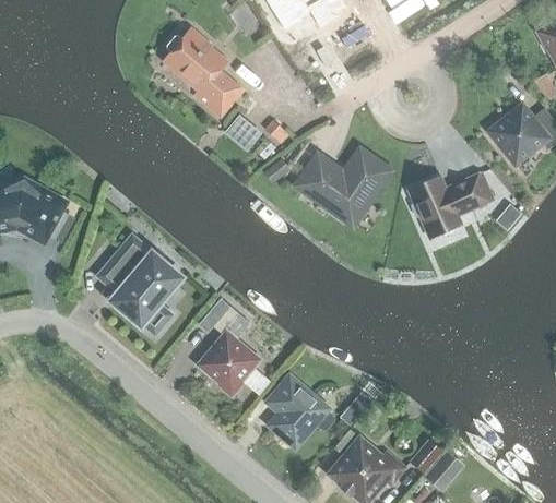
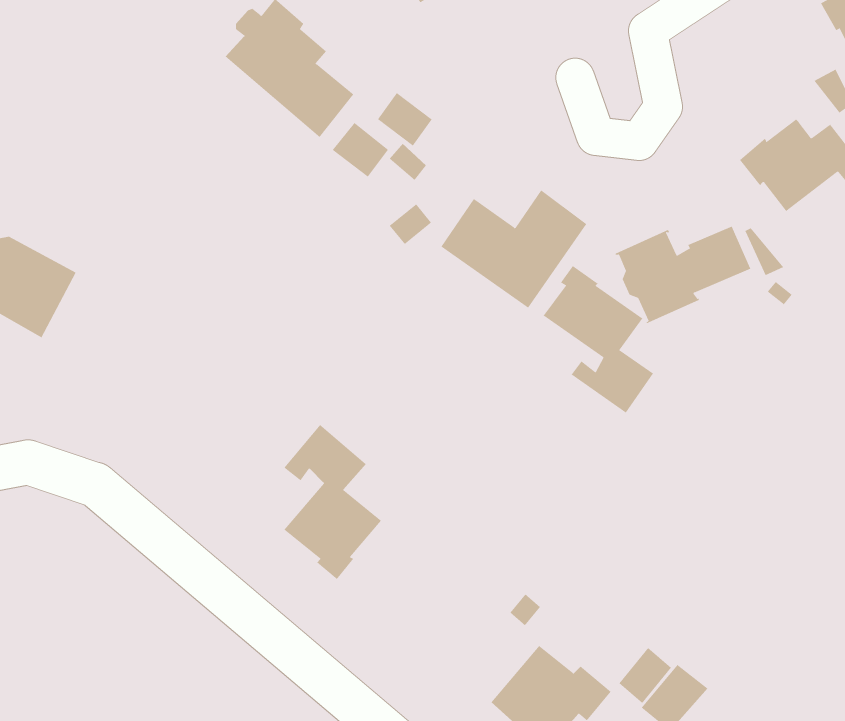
building: none -> [377,92,432,146]
building: none -> [543,265,654,414]
building: [104,237,177,336] -> none
building: [269,378,336,445] -> none

